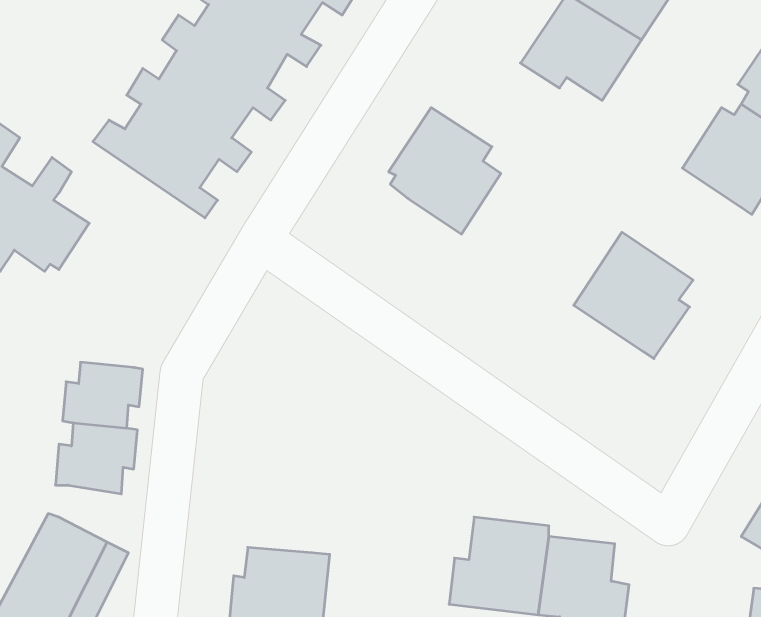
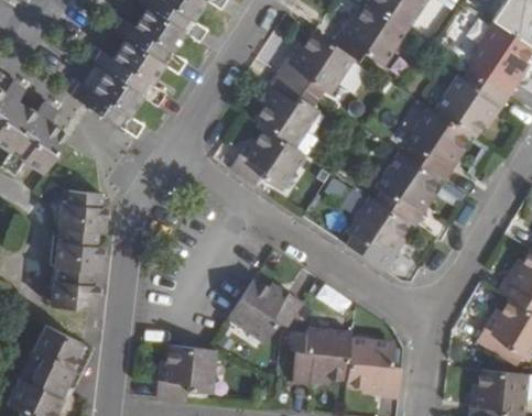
building: none -> [280,28,359,97]
building: none -> [398,103,471,182]
building: none -> [230,128,307,193]
building: none -> [55,189,106,232]
building: none -> [343,194,411,271]
building: none -> [226,272,303,344]

